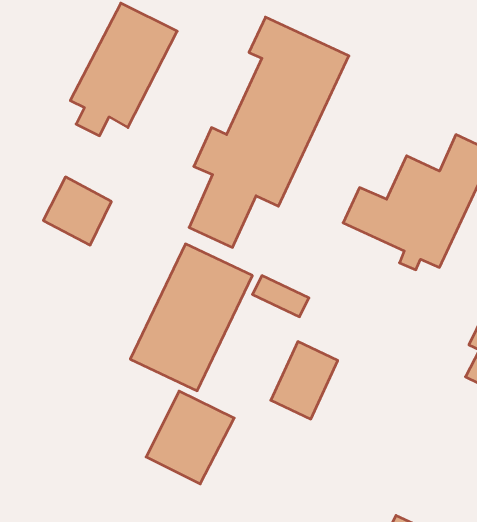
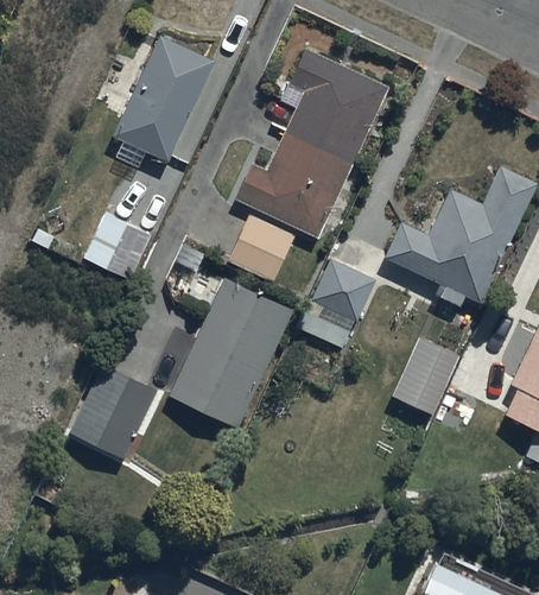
building: none -> [313,262,375,321]
building: [271,342,338,419] -> [393,337,461,416]
building: [146,391,234,484] -> [69,365,158,458]

